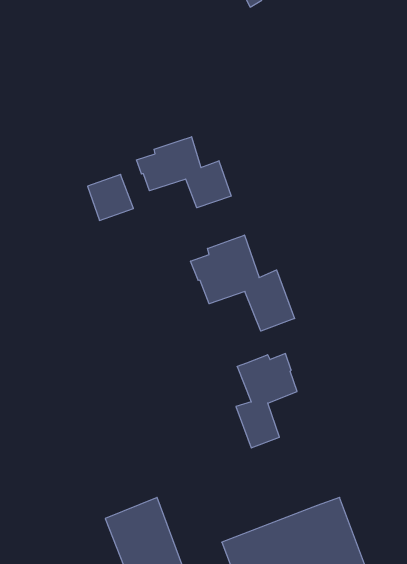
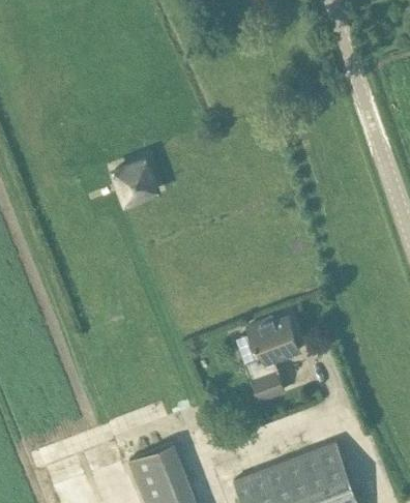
building: [136,137,231,208] -> none
building: [191,235,295,331] -> none

